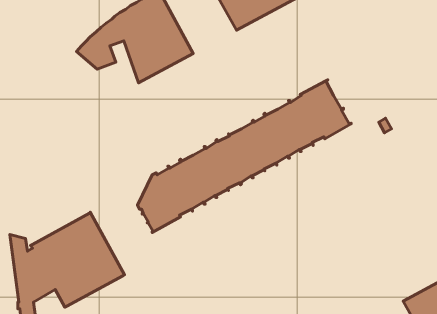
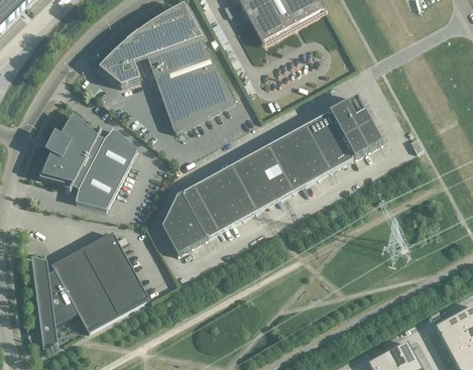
building: none -> [162,69,235,131]
building: none -> [38,110,137,208]

